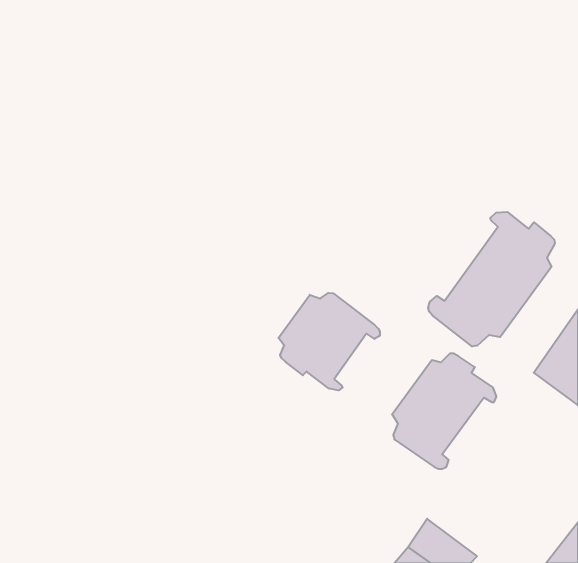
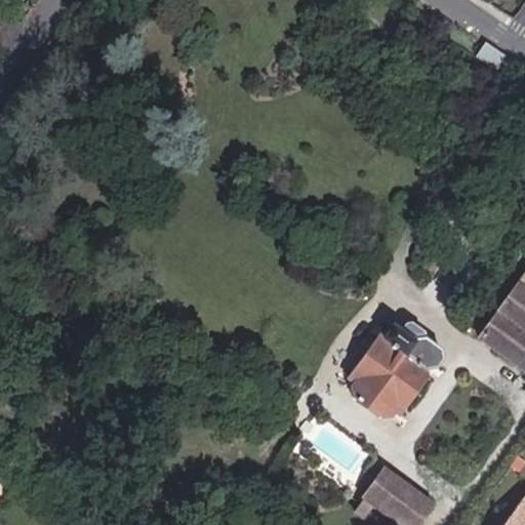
building: [428,212,555,347] -> none
building: [278,293,380,390] -> none

